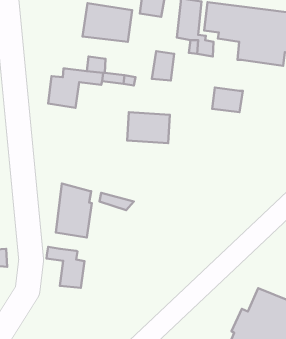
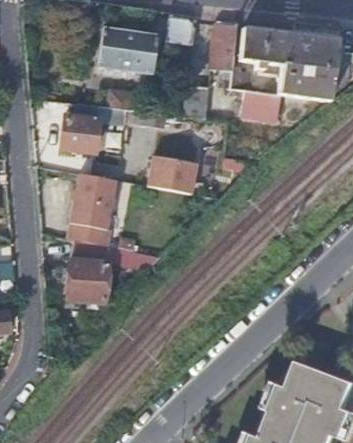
building: [212,87,243,112] -> [246,90,282,119]
building: none -> [65,172,117,247]
building: [47,247,84,288] -> none

